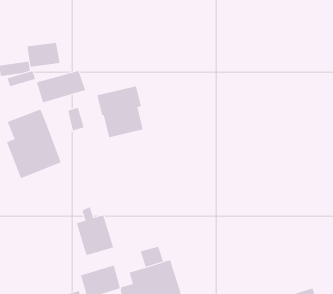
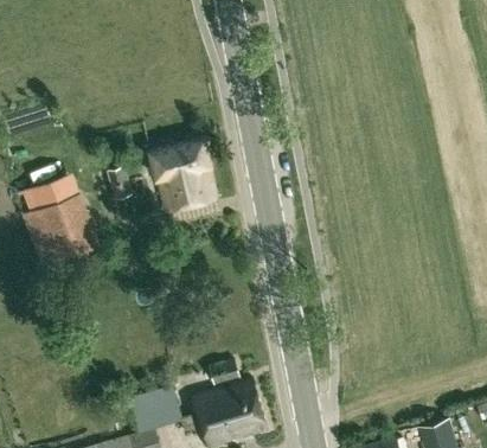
building: [27,42,60,68] -> none
building: [36,70,86,103] -> none
building: [76,207,114,256] -> none

